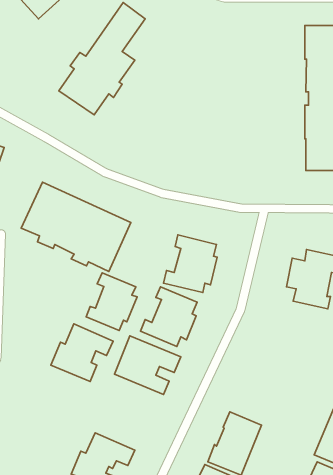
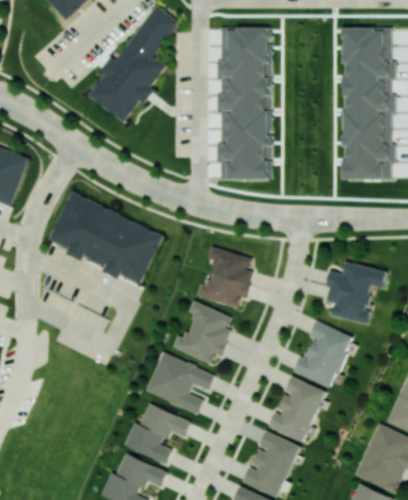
building: none -> [217,25,272,179]
building: [86,273,137,331] -> none
building: none -> [296,321,353,388]
building: [51,324,113,382] -> [124,403,189,463]
building: none -> [268,376,325,442]

